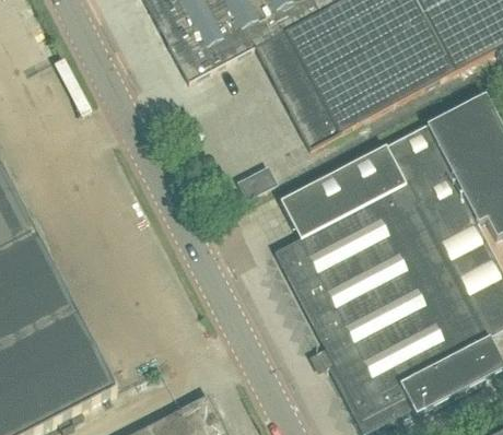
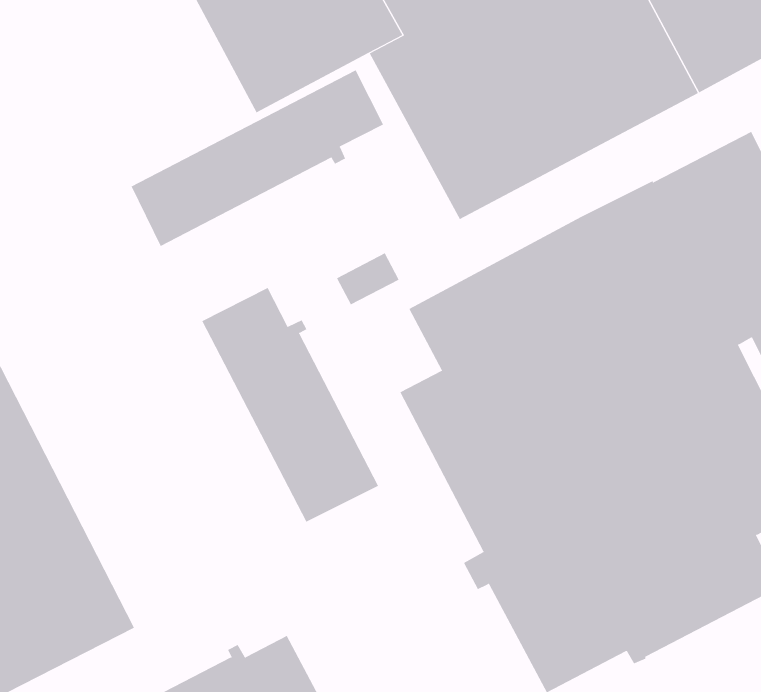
building: none -> [131,70,384,247]
building: none -> [202,287,379,522]

